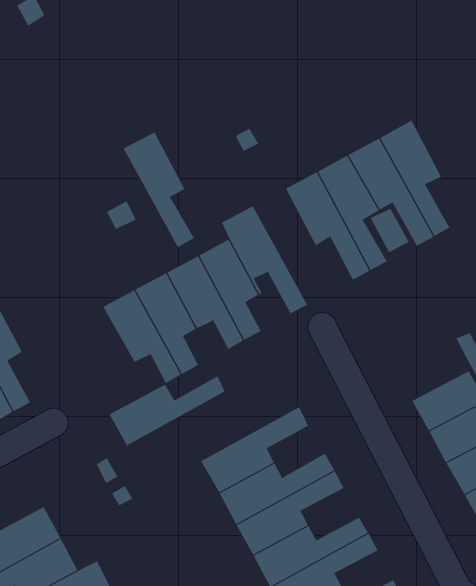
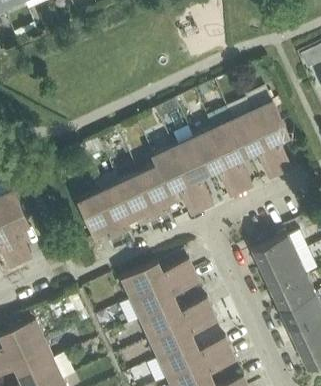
building: [123,131,195,248] -> [172,137,212,208]
building: none -> [251,233,296,270]
building: [109,375,226,446] -> [121,259,192,298]

